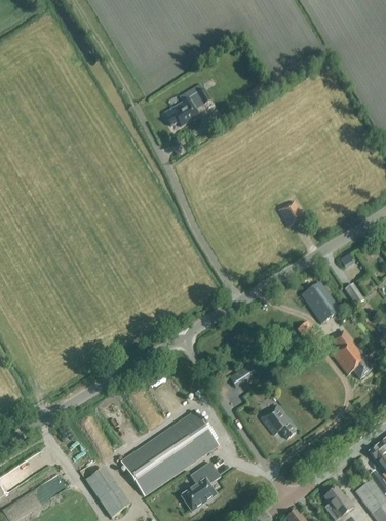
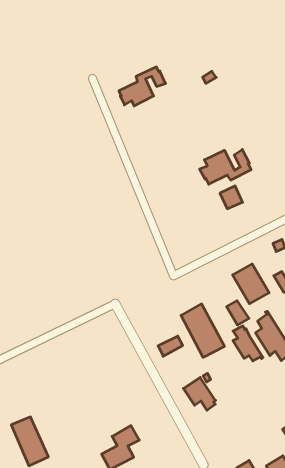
building: none -> [200,149,251,184]
building: none -> [181,304,224,357]
building: none -> [233,326,263,361]
building: [121,410,219,495] -> none

